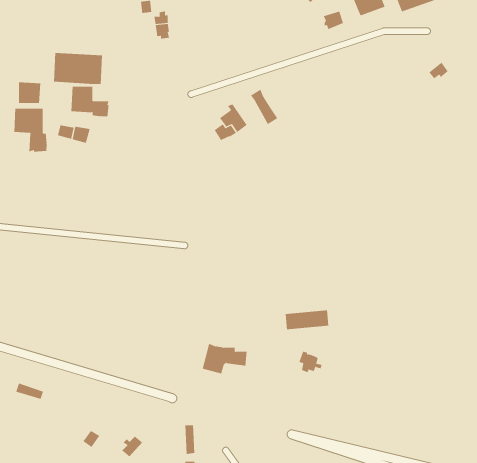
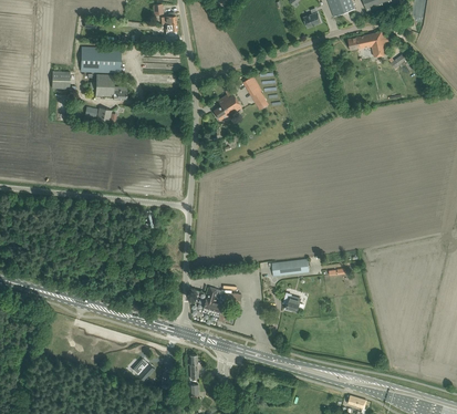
building: none -> [346,31,388,56]
building: [14,108,47,152] -> none

